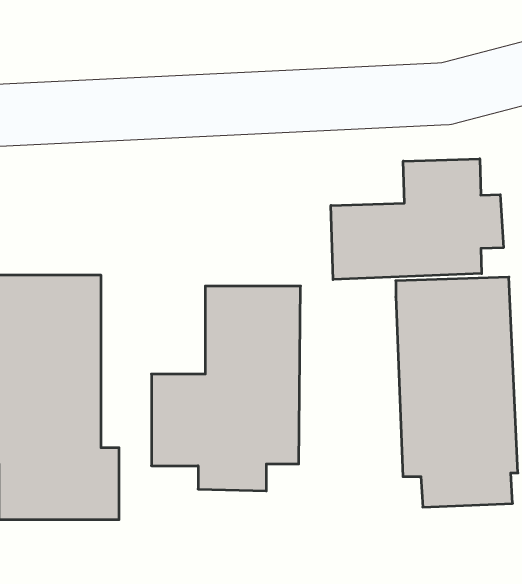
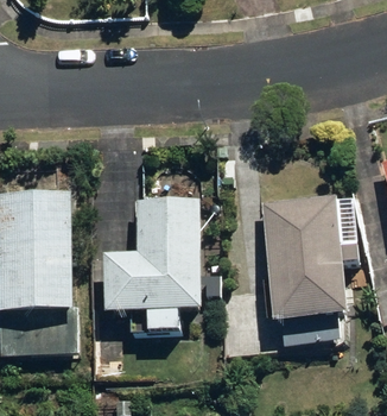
building: [331,159,503,280] -> none

